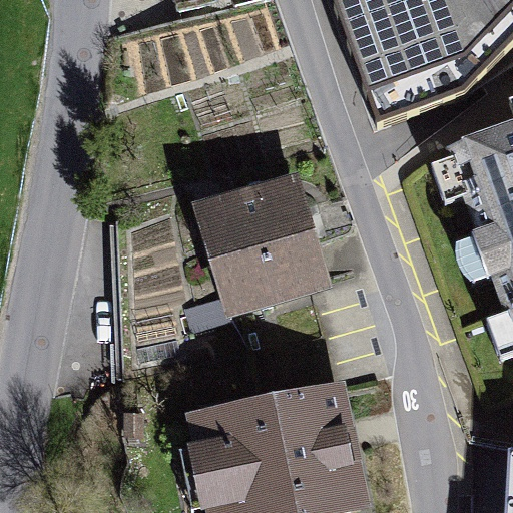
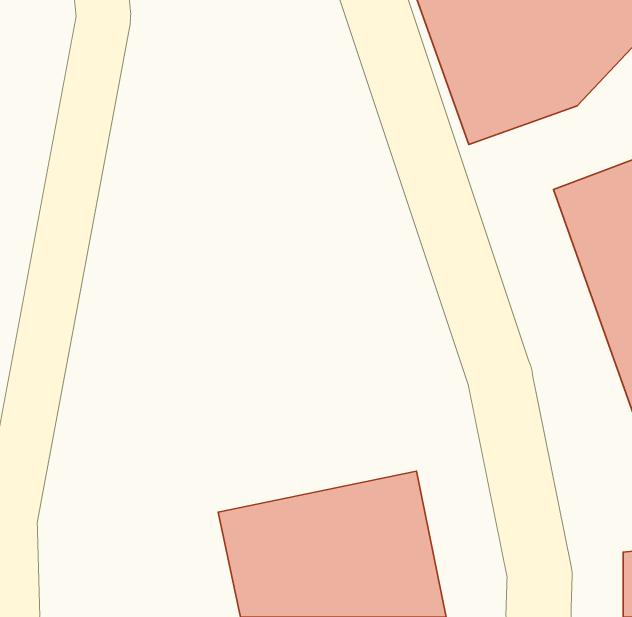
building: [190,172,333,320] -> none

